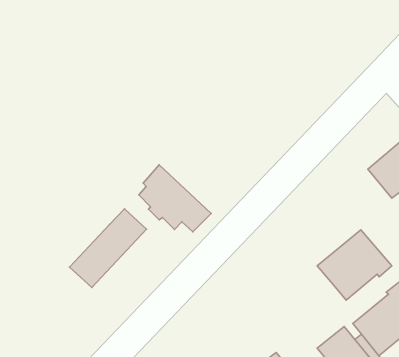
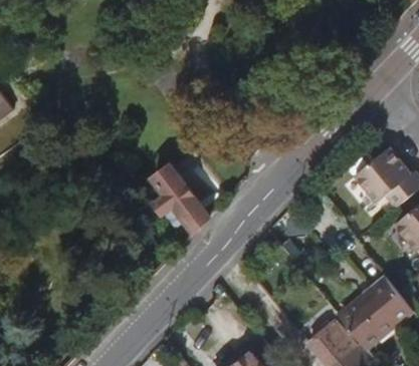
building: [70,209,147,287] -> none
building: [317,230,392,300] -> none

